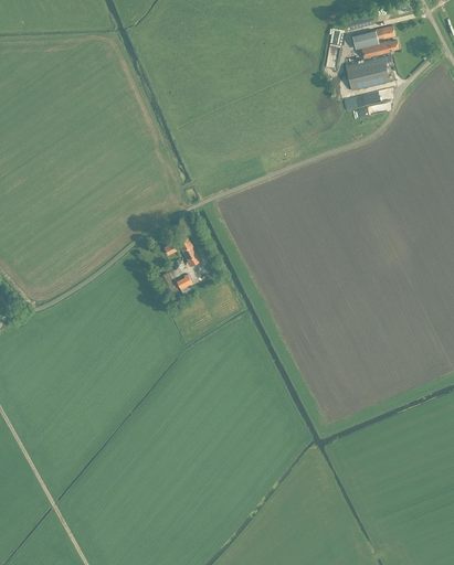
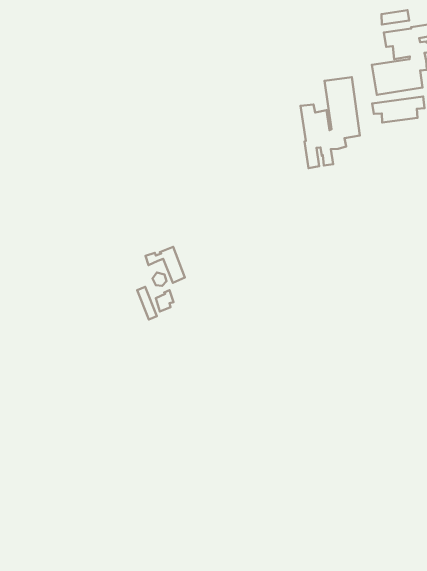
building: none -> [300,77,360,168]

